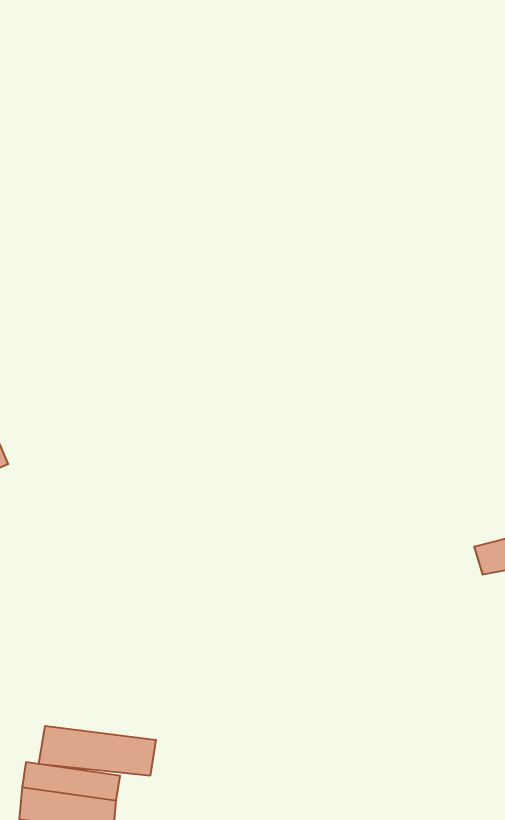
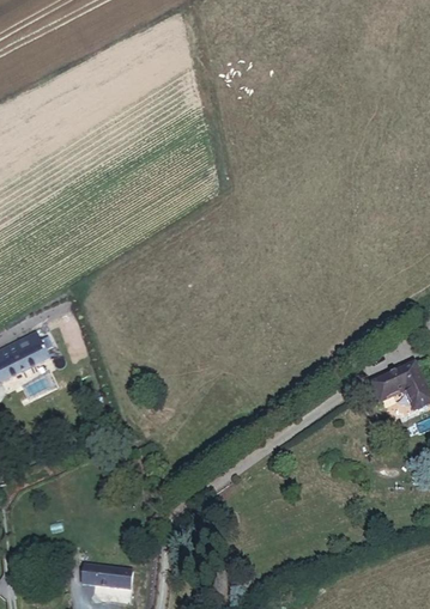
building: [39,726,156,776] -> none

